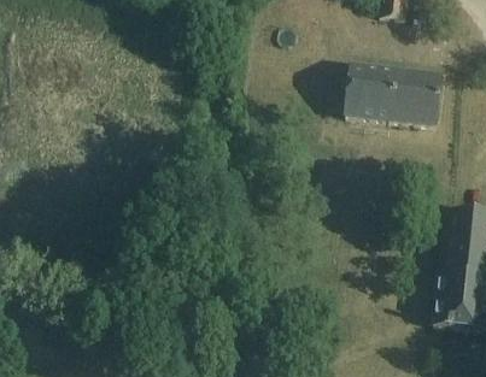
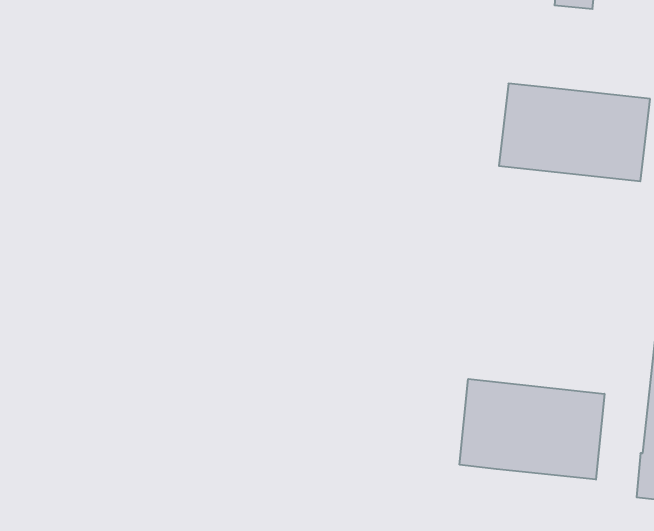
building: none -> [460,379,604,480]

